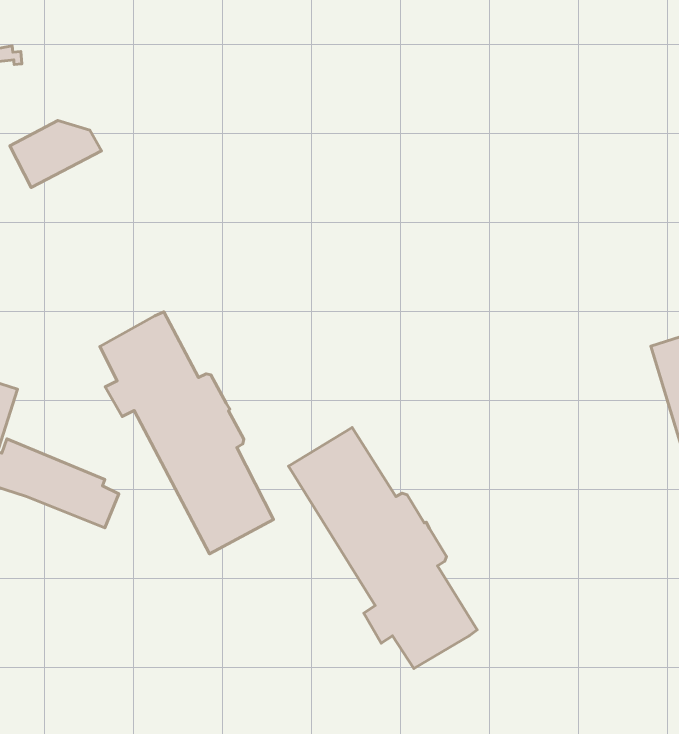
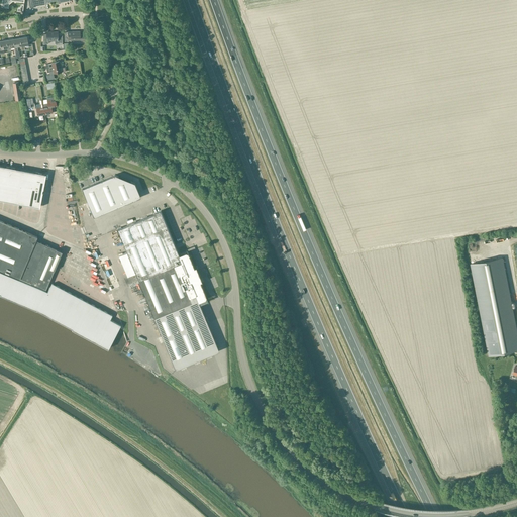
building: [10,121,101,188] -> [82,176,140,217]
building: [288,428,477,669] -> none

